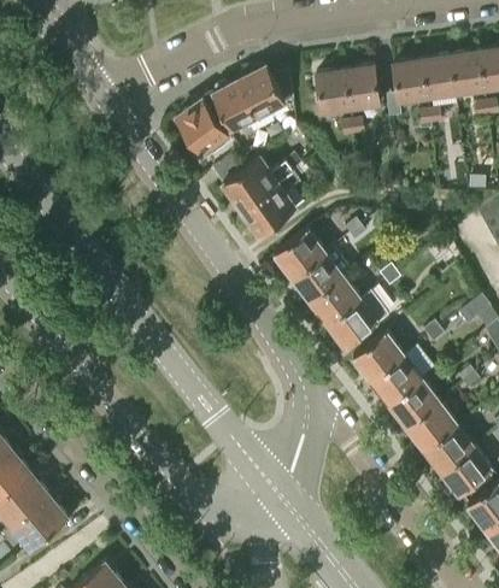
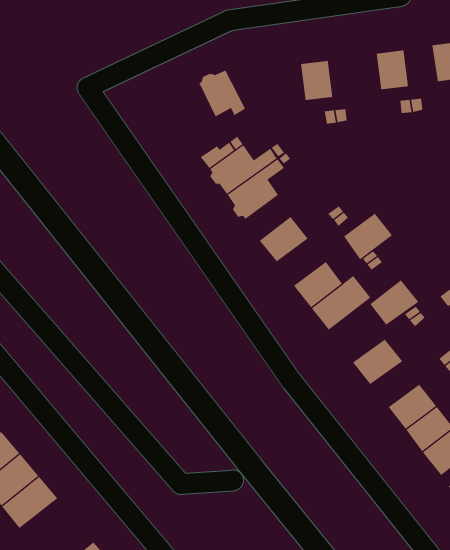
building: [422,55,456,98] -> none
building: [240,65,293,120] -> none
building: [345,66,378,108] -> none
building: [176,99,231,158] -> none
building: [292,253,342,301] -> [343,213,393,260]
building: [352,333,403,380] -> [369,279,419,325]
building: [387,378,438,425] -> none

